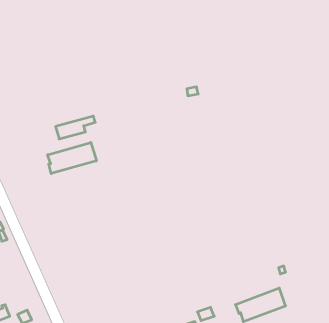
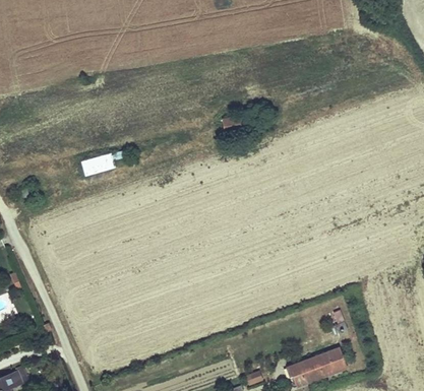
building: [48,142,96,174] -> none

